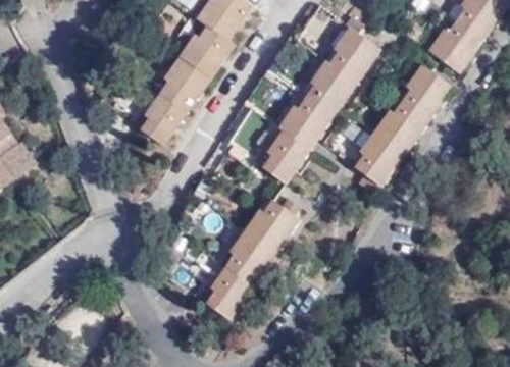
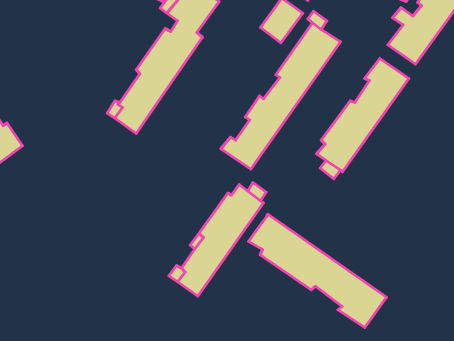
building: none -> [248,214,386,328]

